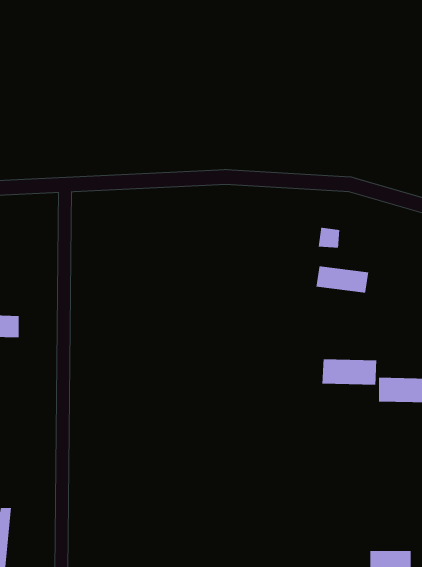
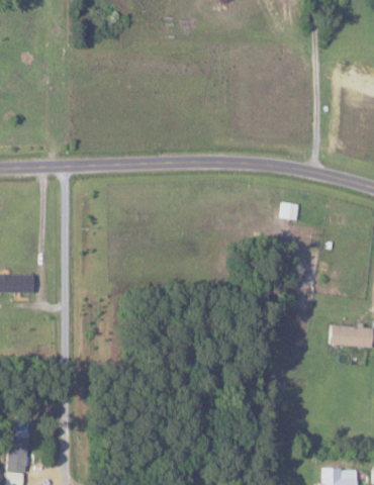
building: [316,266,369,293] -> none
building: [322,358,377,385] -> none

